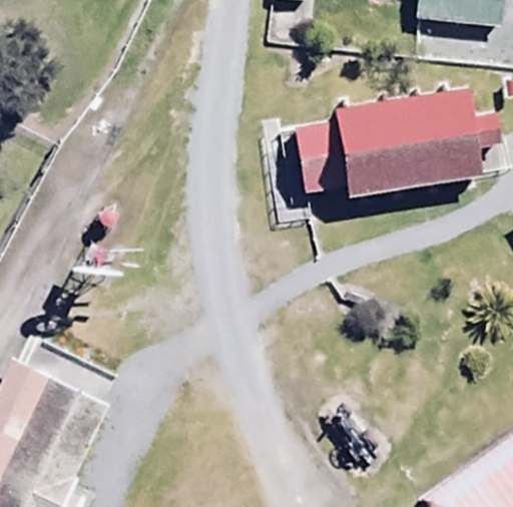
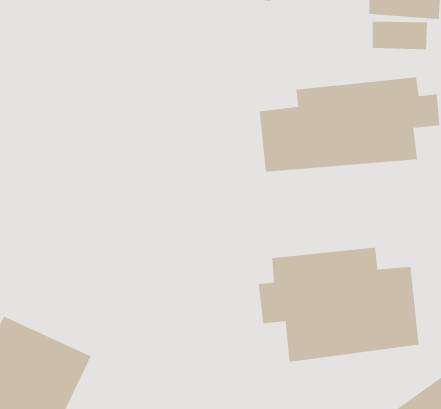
building: none -> [258,247,419,362]

